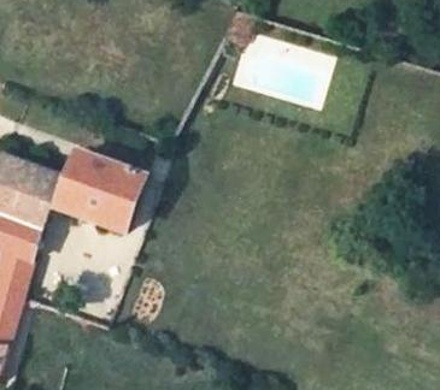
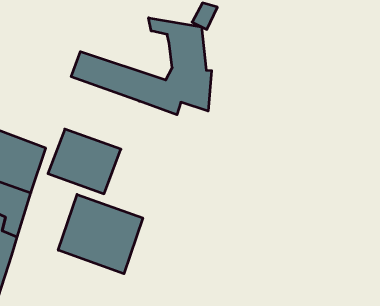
building: none -> [71,18,212,115]
building: none -> [58,194,143,274]

